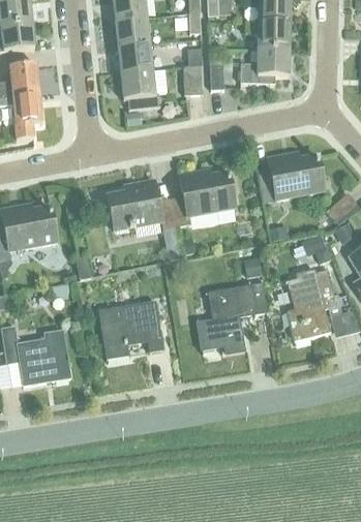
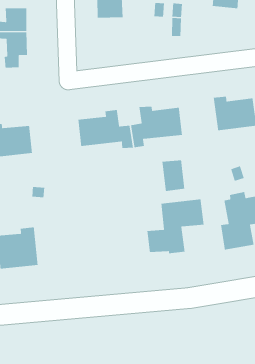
building: [240,48,290,83] -> none
building: [182,65,203,94] -> none
building: [120,69,160,110] -> none
building: none -> [162,159,185,192]
building: [99,300,164,358] -> none

